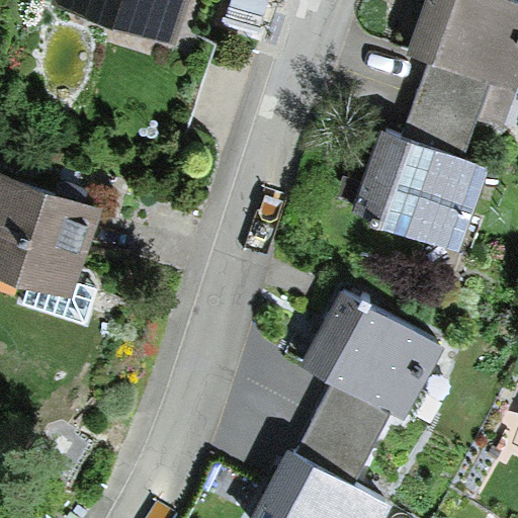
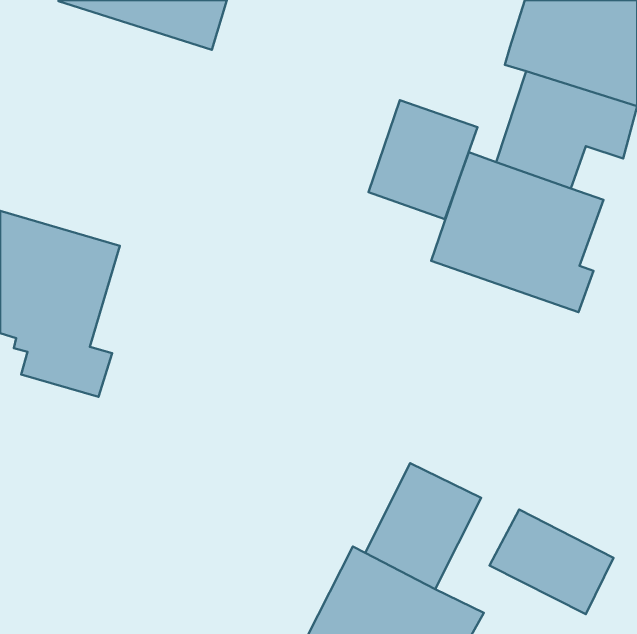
building: none -> [369,100,478,219]
building: [304,290,445,416] -> none
building: none -> [490,510,614,614]

